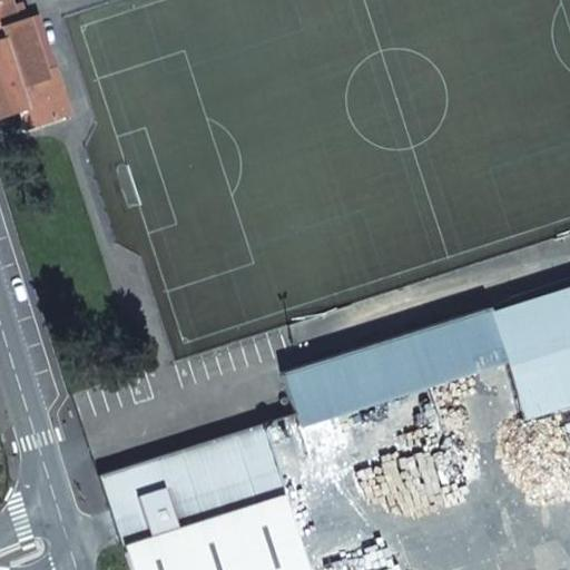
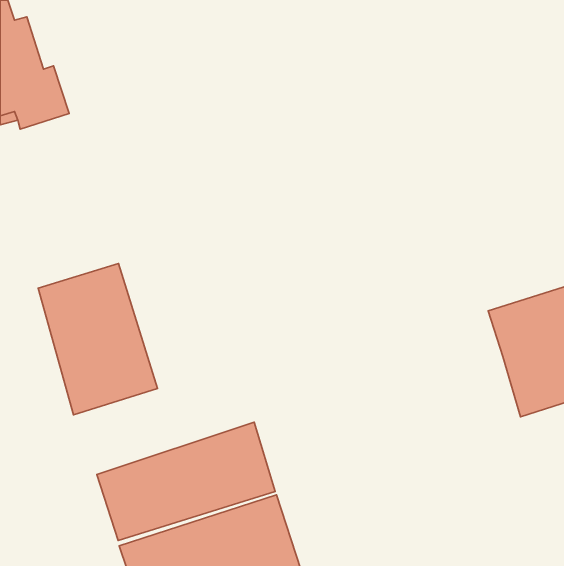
building: none -> [38,263,157,415]
building: [288,305,508,422] -> none

